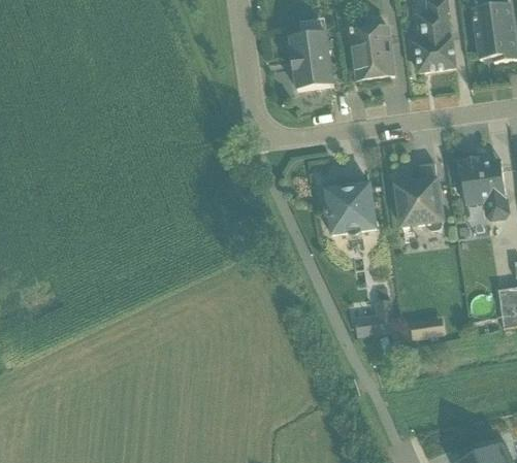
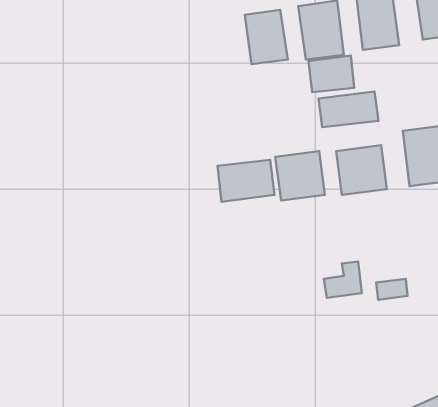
building: none -> [308,56,354,92]
building: none -> [319,91,379,127]
building: none -> [217,160,275,202]

